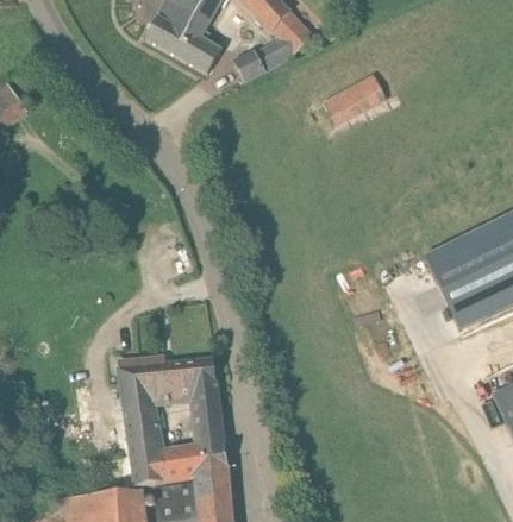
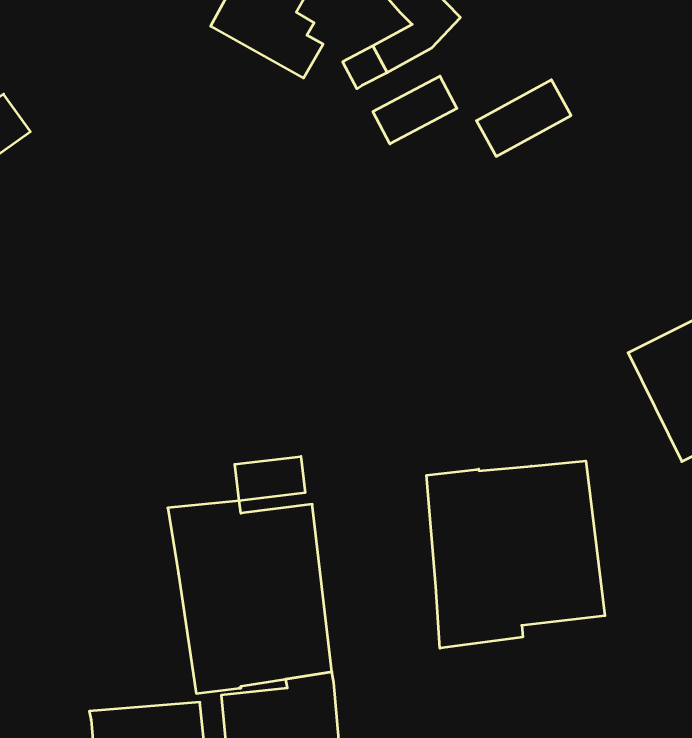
building: none -> [373,76,457,144]
building: none -> [235,456,305,501]
building: none -> [427,461,605,648]

